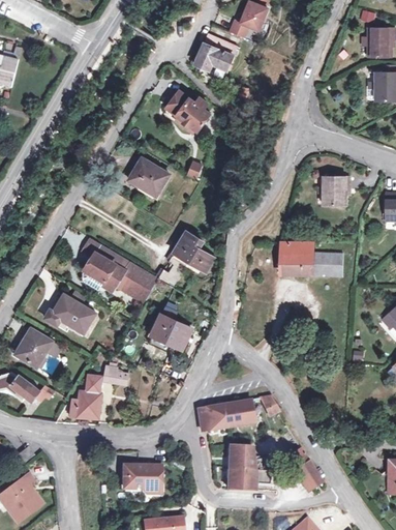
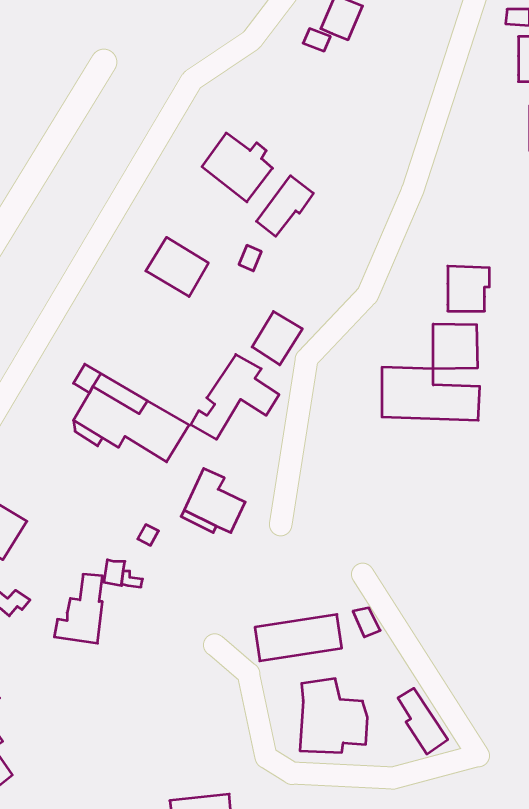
building: [194,33,237,70] -> none
building: none -> [256,176,313,236]
building: none -> [252,311,302,365]
building: none -> [433,324,477,369]
building: [44,293,96,332] -> none
building: [120,462,160,493] -> none

